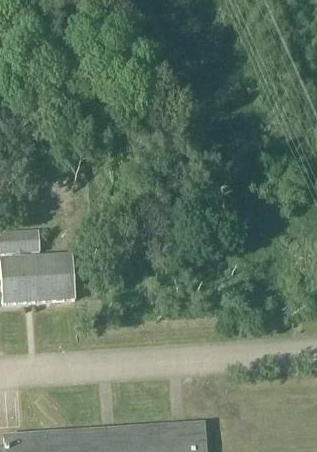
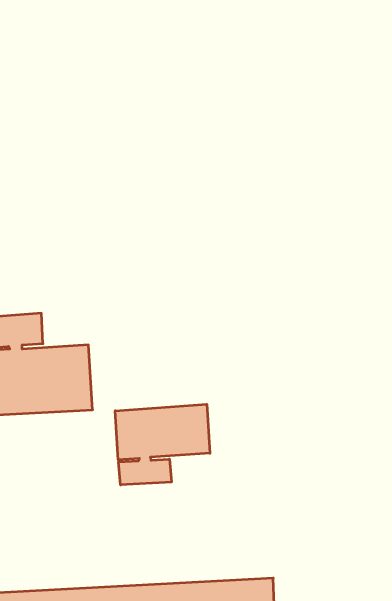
building: none -> [115,404,210,485]

